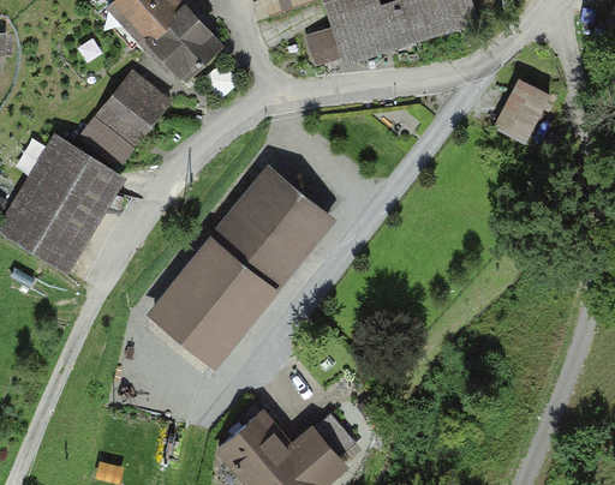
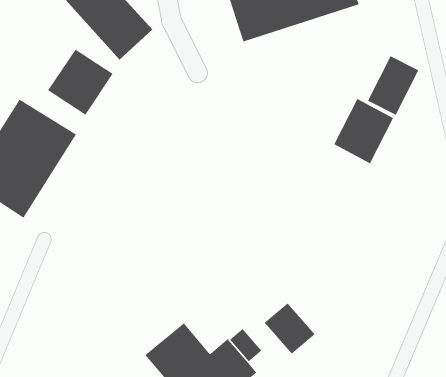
building: none -> [333,98,394,164]
building: [147,164,336,370] -> none
building: none -> [264,302,315,355]

